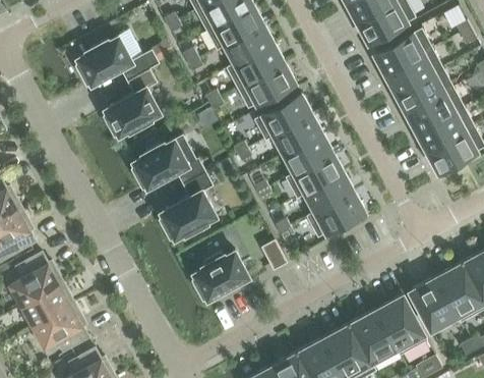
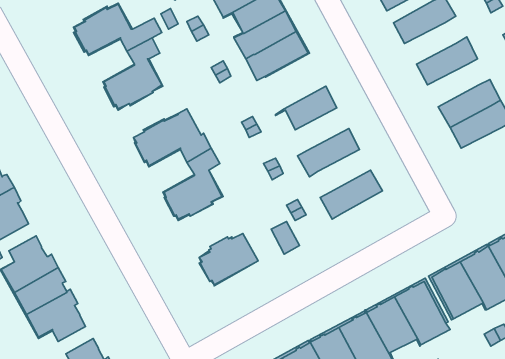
building: [384,49,442,94] -> none
building: [406,89,464,133] -> none
building: [253,95,311,141] -> none
building: [283,134,332,179] -> none
building: [296,173,353,218] -> none

